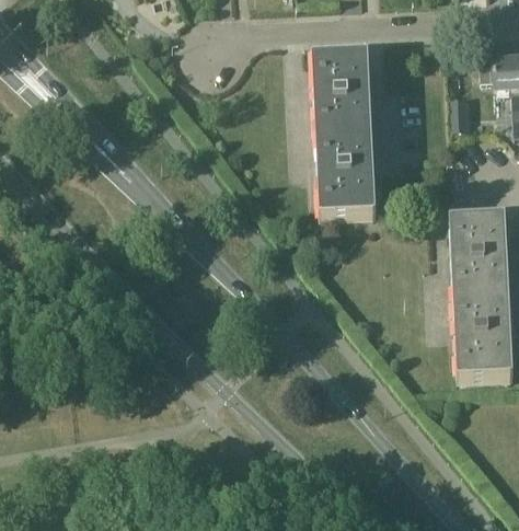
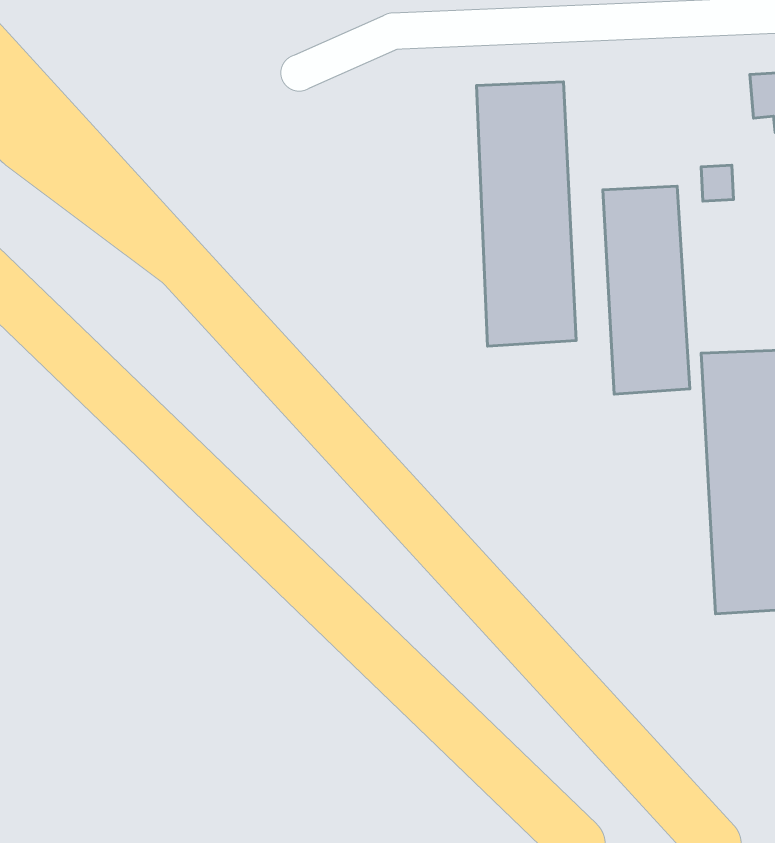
building: none -> [603,186,690,394]

